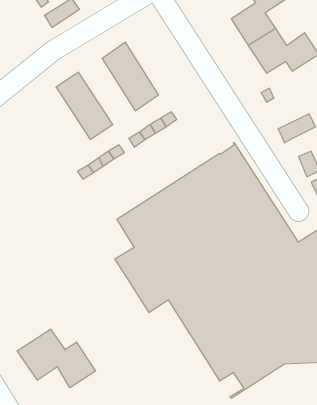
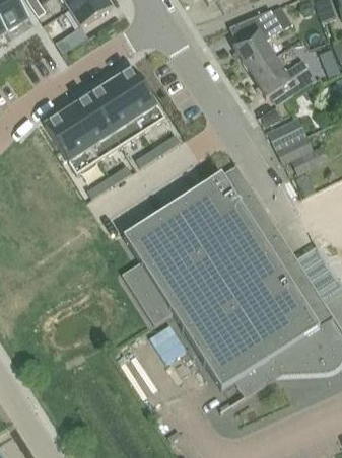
building: none -> [87,83,141,146]
building: none -> [44,110,98,174]
building: none -> [268,118,305,149]
building: [17,329,96,388] -> none

